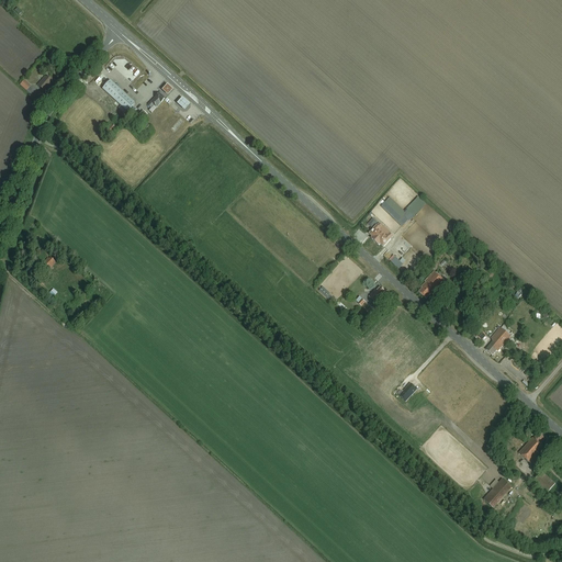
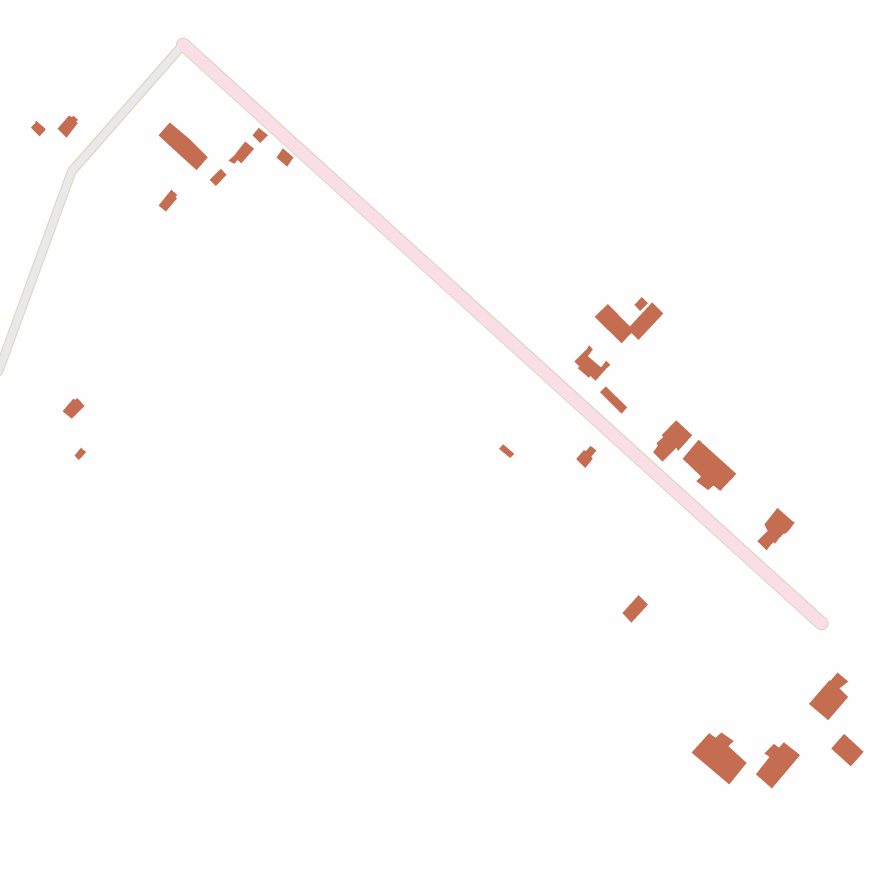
building: none -> [682,439,737,492]
building: none -> [691,731,747,786]

